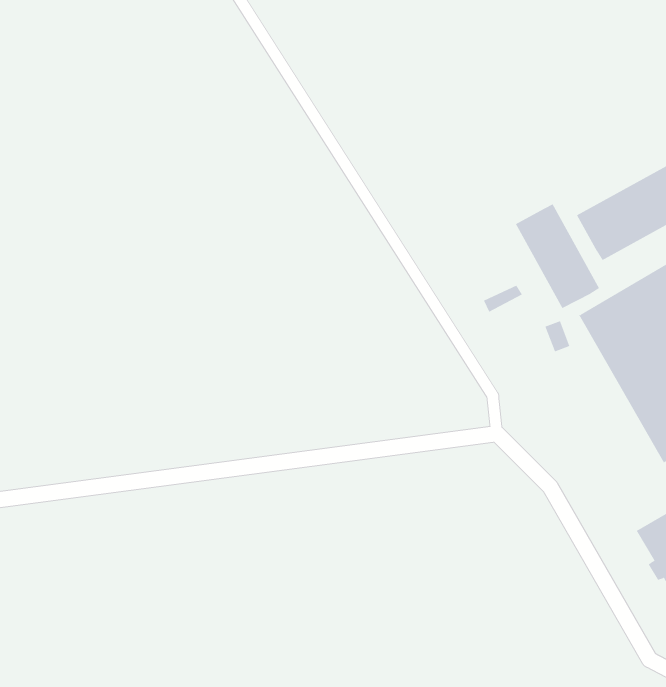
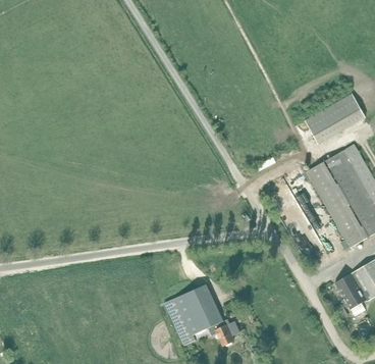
building: [515,203,600,309] -> none
building: none -> [167,282,238,345]

